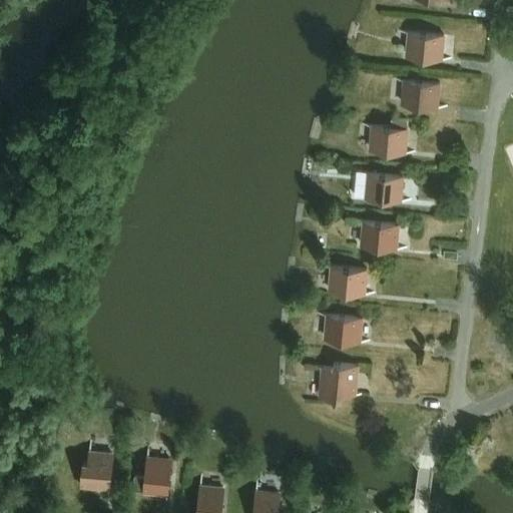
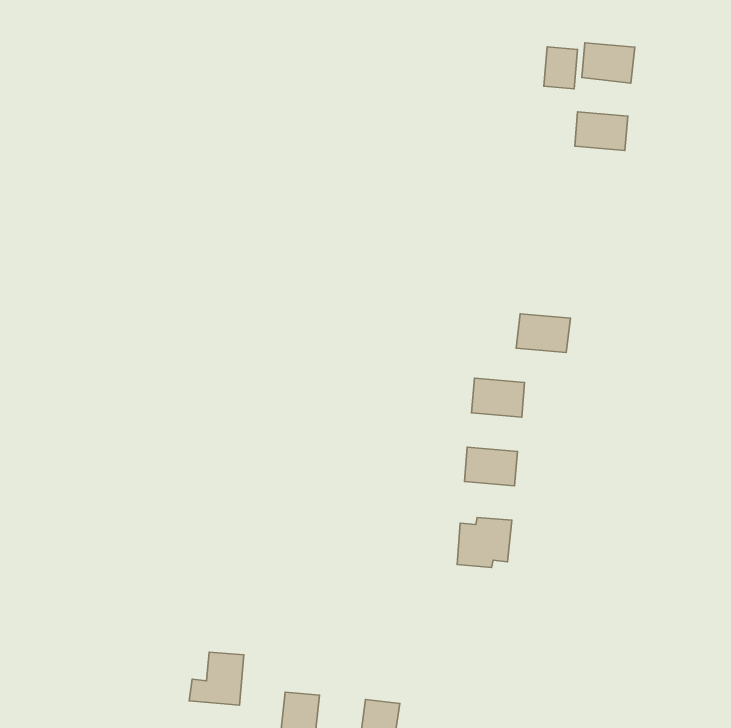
building: none -> [544,47,578,89]
building: [370,127,407,153] -> none
building: [366,174,403,201] -> none
building: [80,453,113,491] -> none

